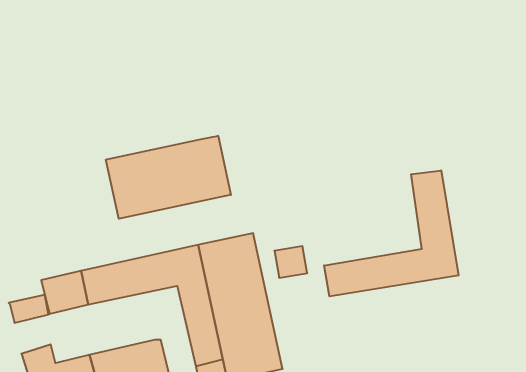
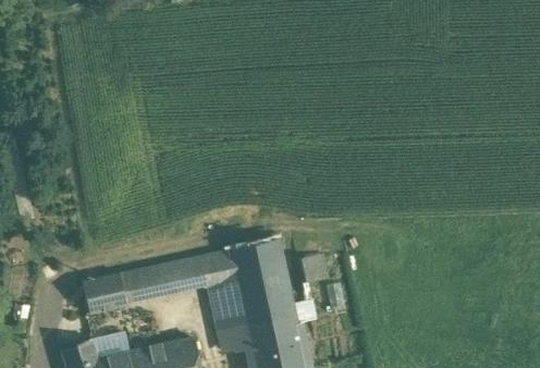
building: [106,136,231,219] -> none
building: [324,170,459,296] -> none
building: [9,295,48,323] -> [91,332,128,358]

